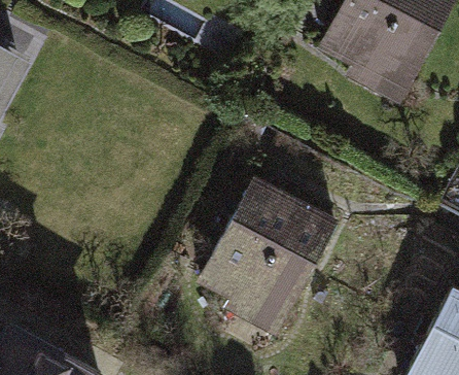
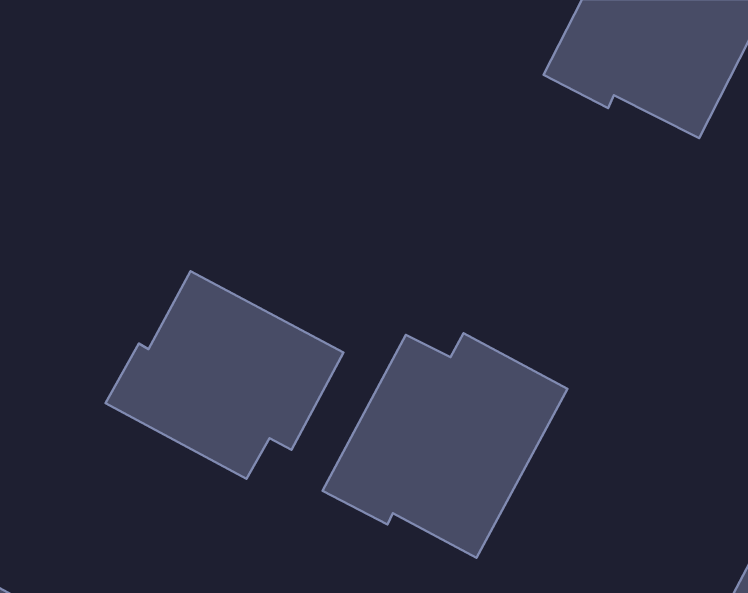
building: none -> [106,271,344,479]

